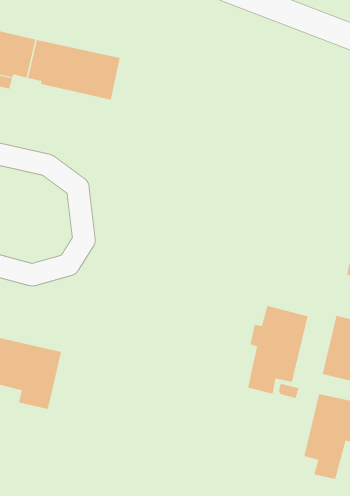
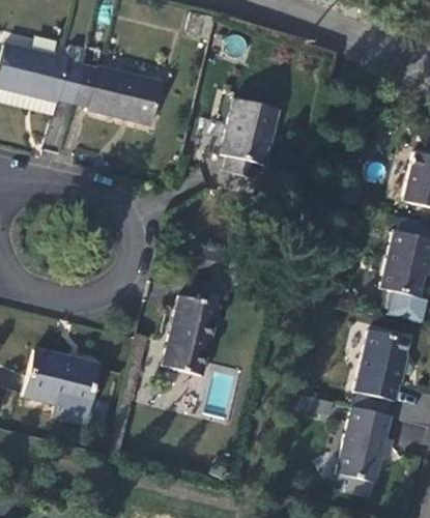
building: none -> [217,97,275,178]
building: none -> [160,298,218,376]
building: [248,305,308,395] -> none

